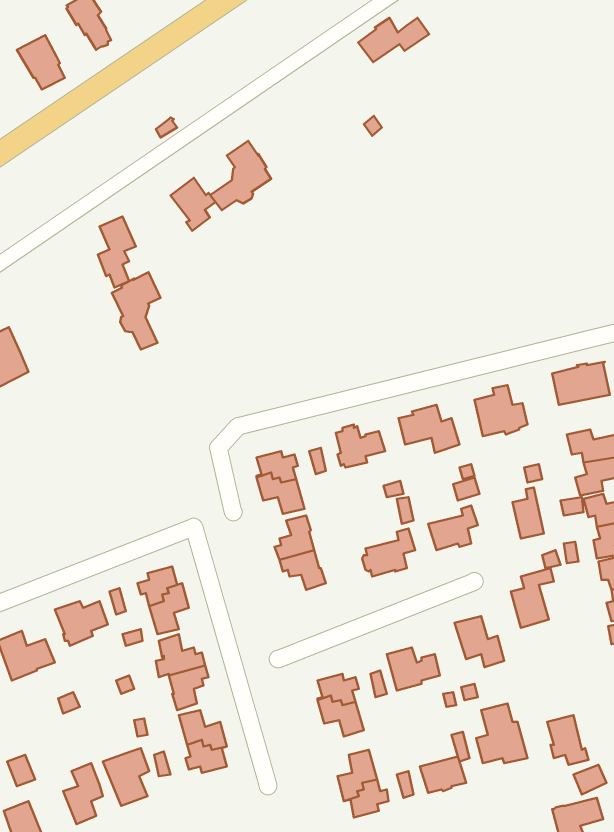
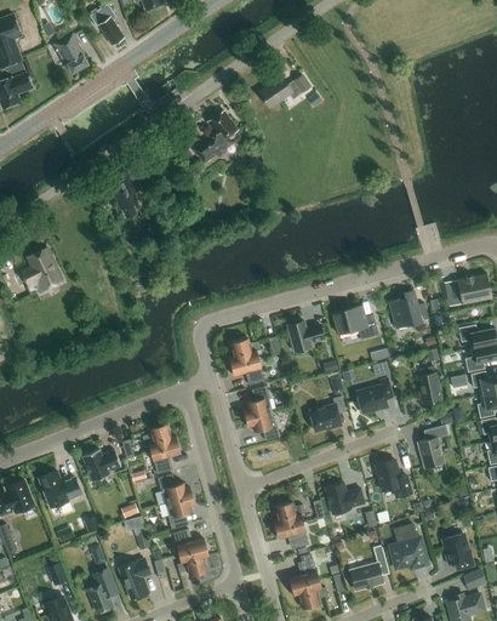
building: [358,18,429,62] -> [258,74,310,107]
building: [170,178,216,231] -> none
building: [112,272,161,350] -> none

